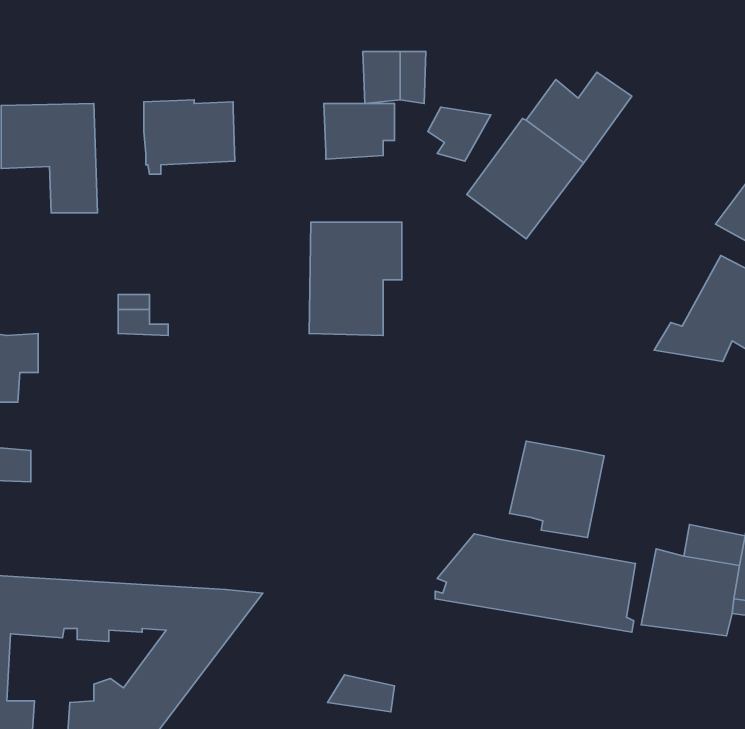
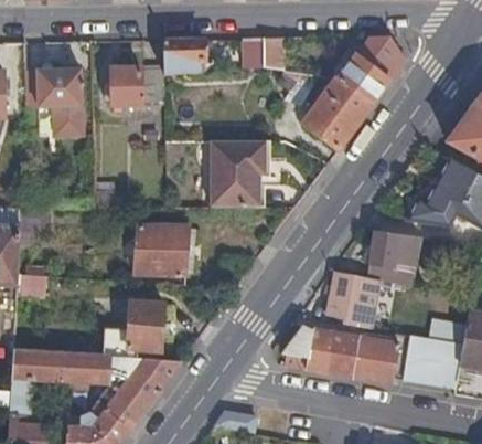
building: [324,104,394,159] -> [162,39,204,72]
building: none -> [135,224,189,274]
building: none -> [368,229,422,283]
building: none -> [103,300,163,358]

